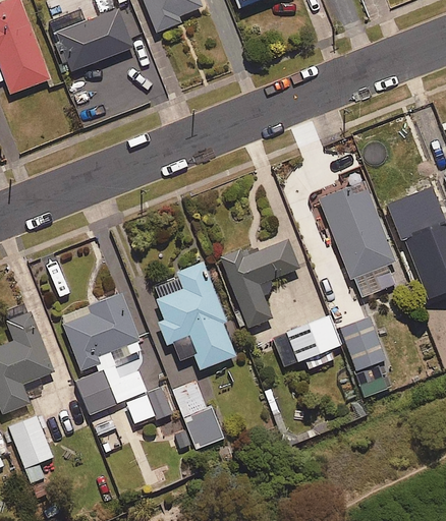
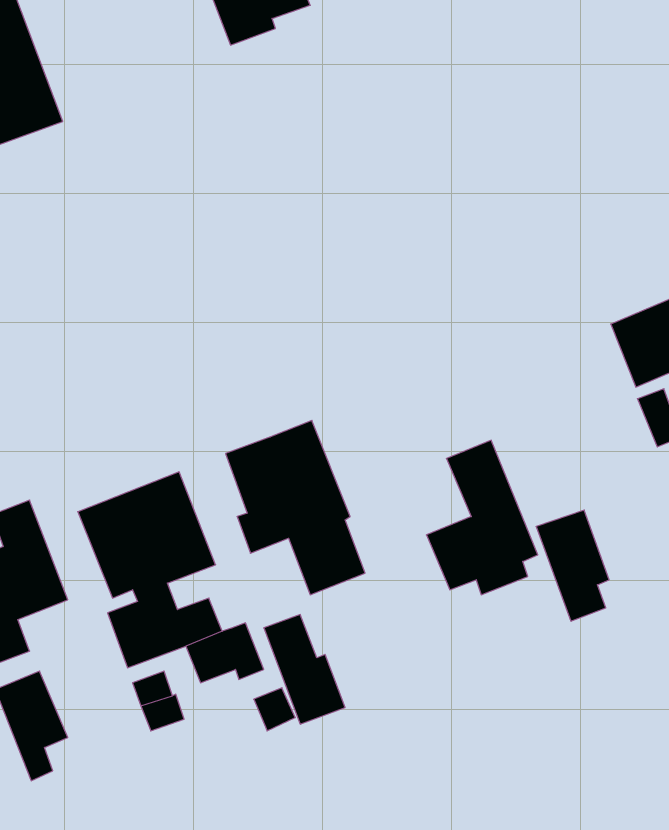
building: [49,9,133,73] -> none
building: [319,167,396,299] -> none
building: [220,239,299,328] -> none

